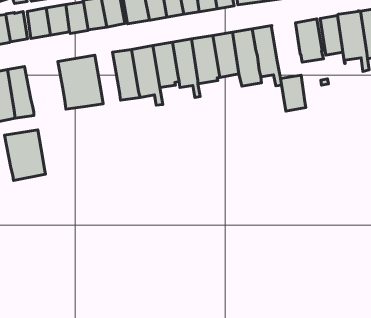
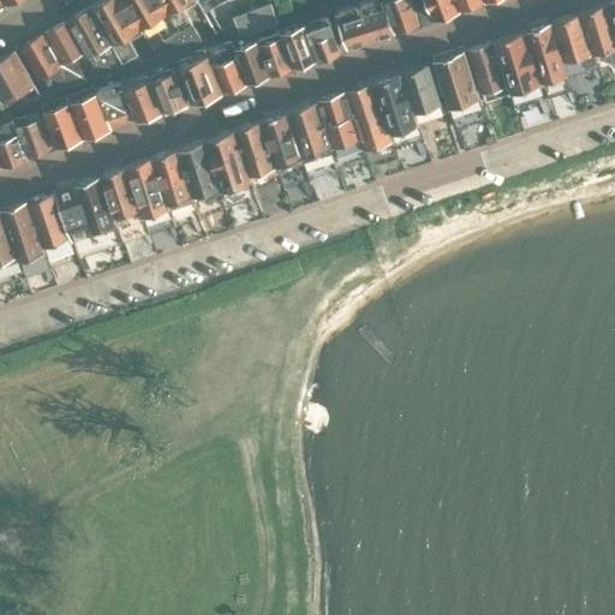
building: none -> [151,150,201,227]
building: [281,75,306,111] -> [400,66,443,121]
building: [5,130,45,181] -> [53,177,121,256]

